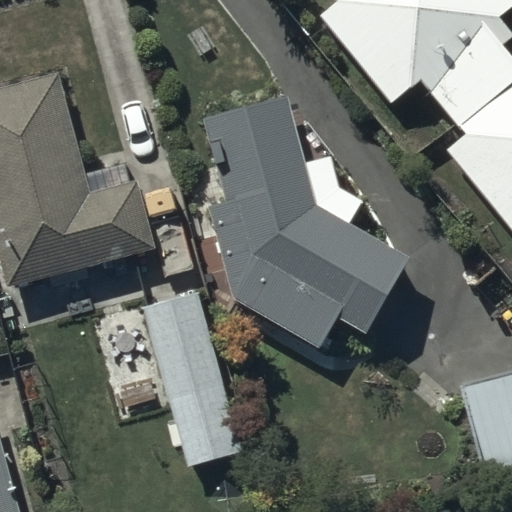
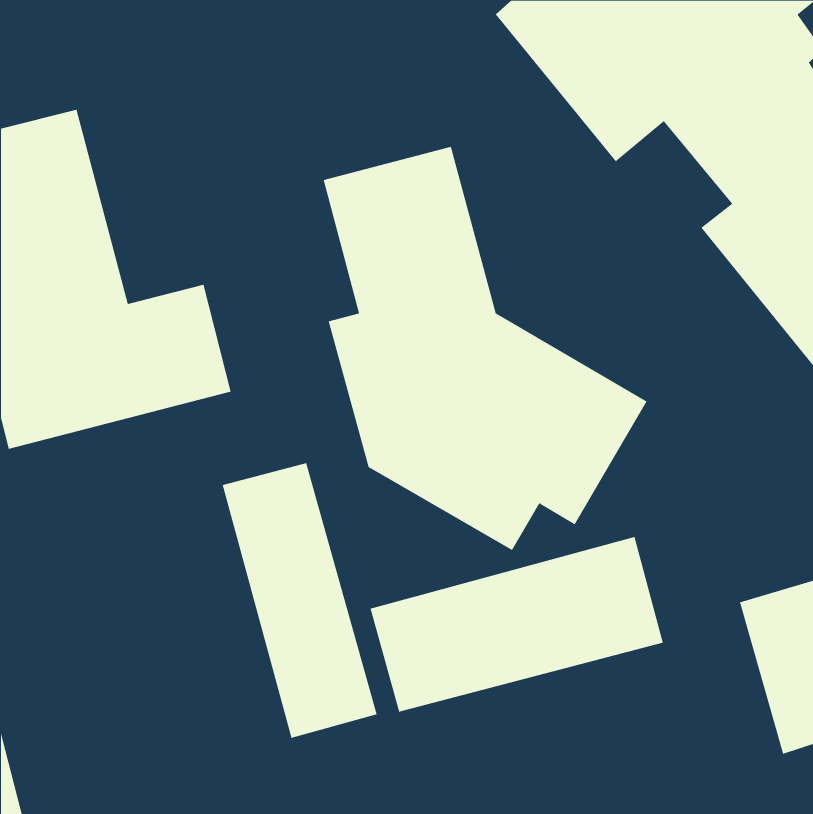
building: none -> [370,536,663,712]

